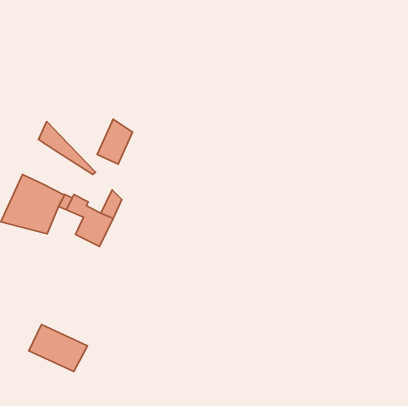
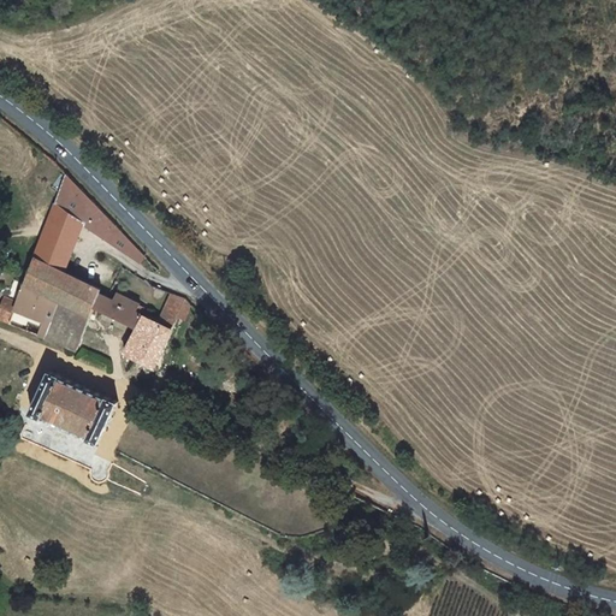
building: [97,119,133,164] -> [34,209,87,277]
building: [29,324,87,372] -> [20,363,108,434]

